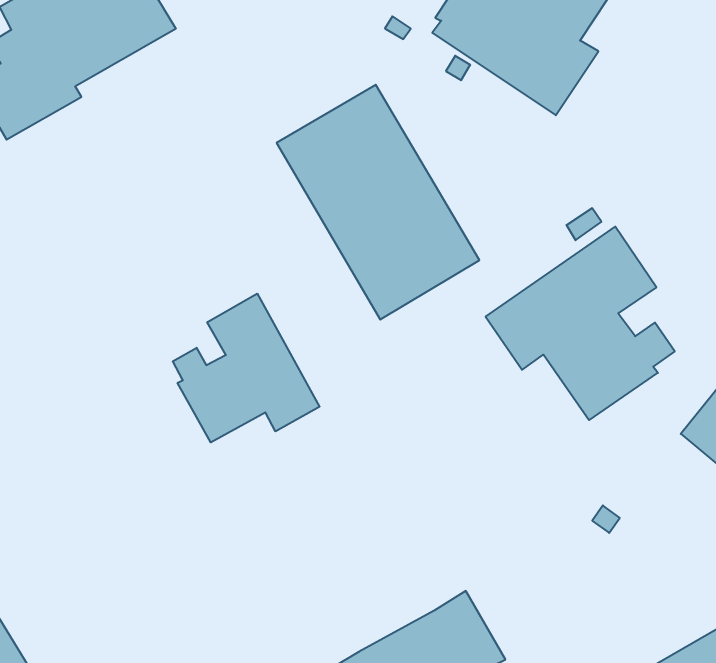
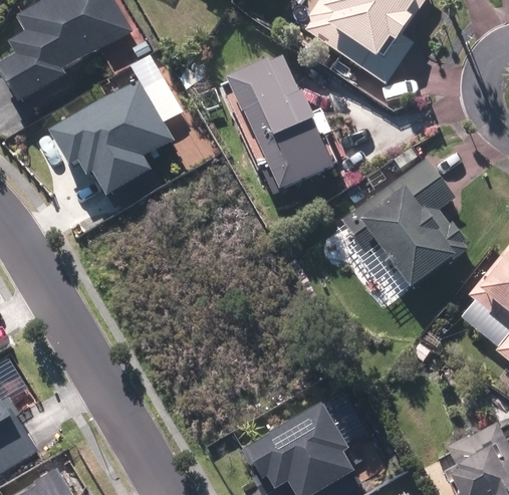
building: none -> [55,76,178,192]
building: [173,294,320,442] -> none

